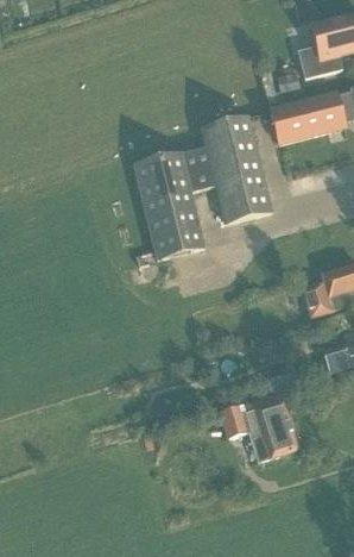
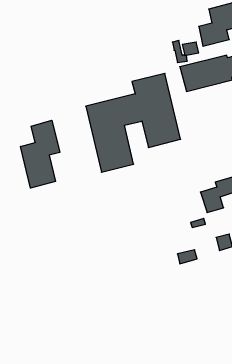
building: none -> [21,120,60,188]
building: [219,393,297,462] -> none

